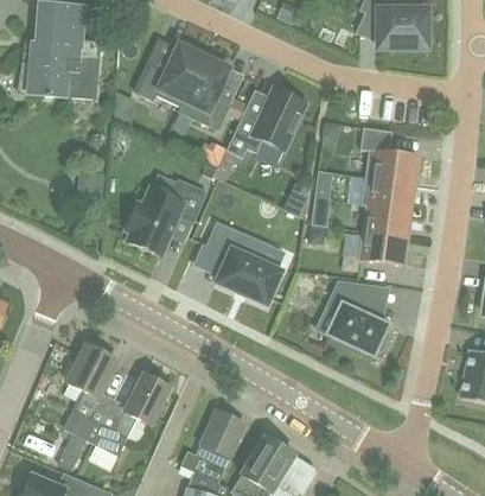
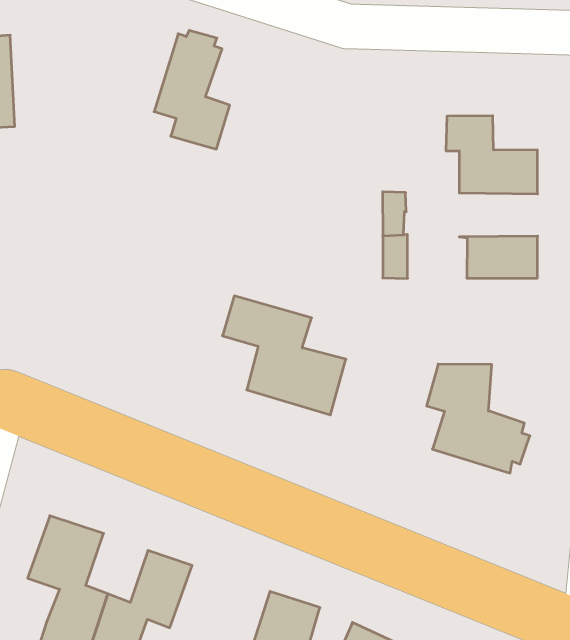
building: [135,40,203,106] -> none
building: [225,85,305,157] -> none
building: [360,177,413,210] -> none
building: [125,179,205,254] -> none
building: [358,230,406,265] -> none

